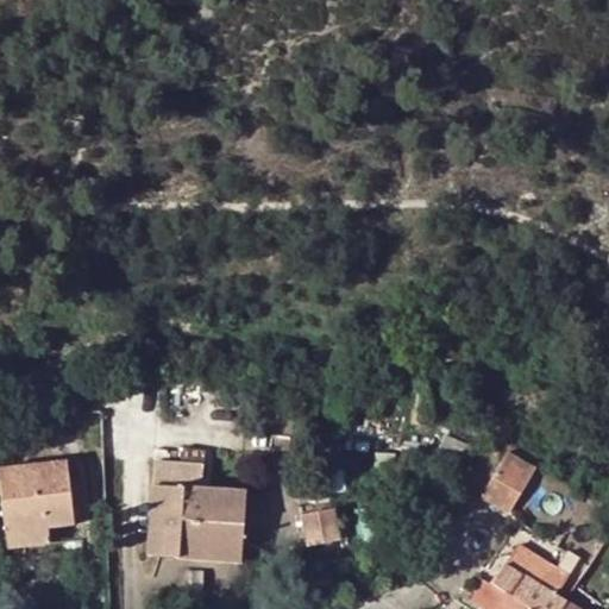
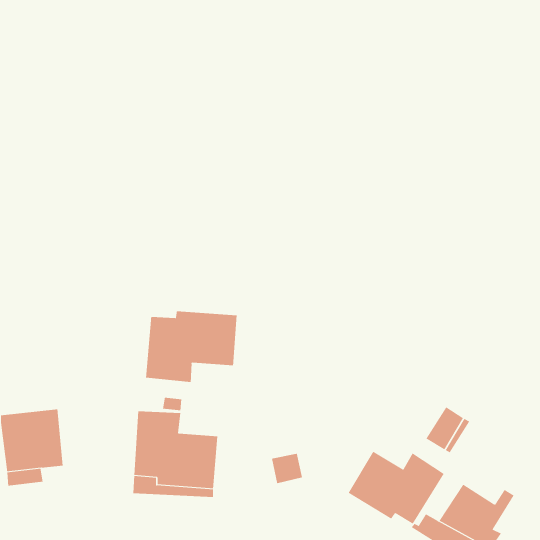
building: none -> [146,310,237,383]
building: none -> [348,451,445,524]

